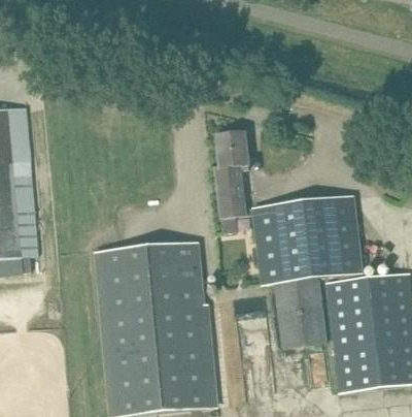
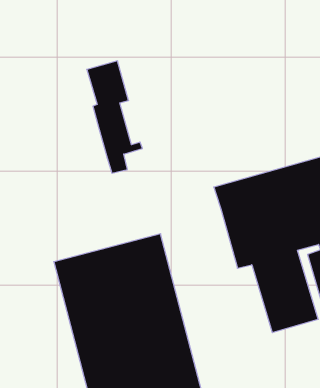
building: [215,130,253,230] -> [87,61,142,173]

